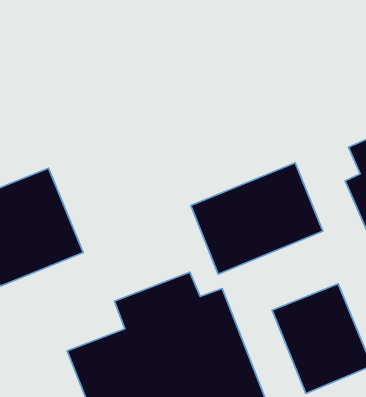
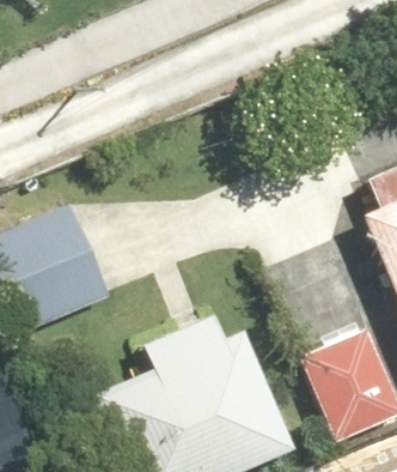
building: [191,163,323,274] -> none

